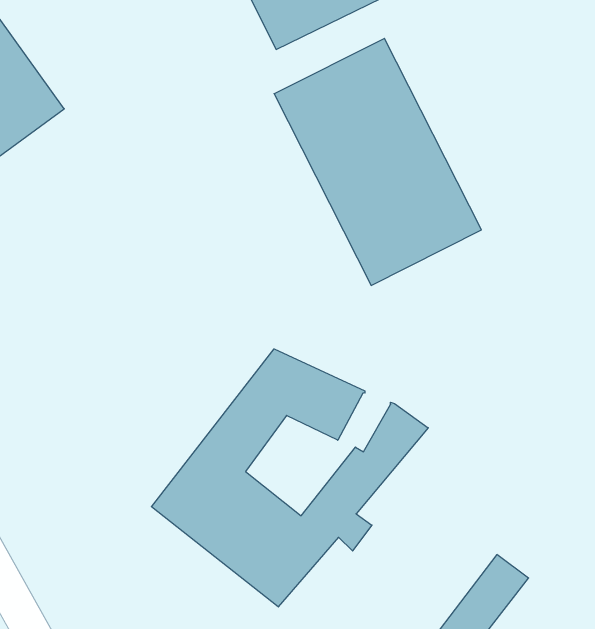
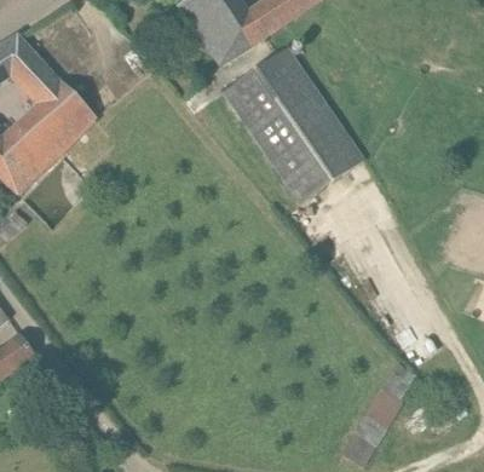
building: [151,349,428,607] -> none

